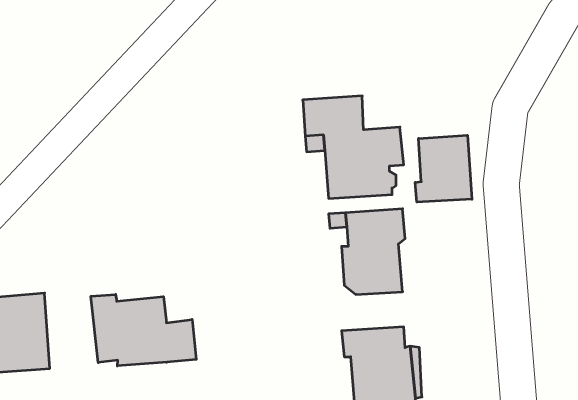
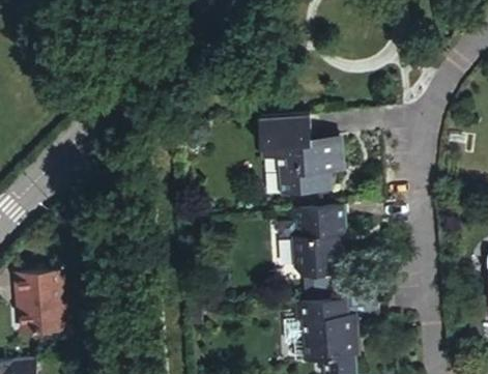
building: [415,135,472,202] -> none
building: [91,294,196,366] -> none

